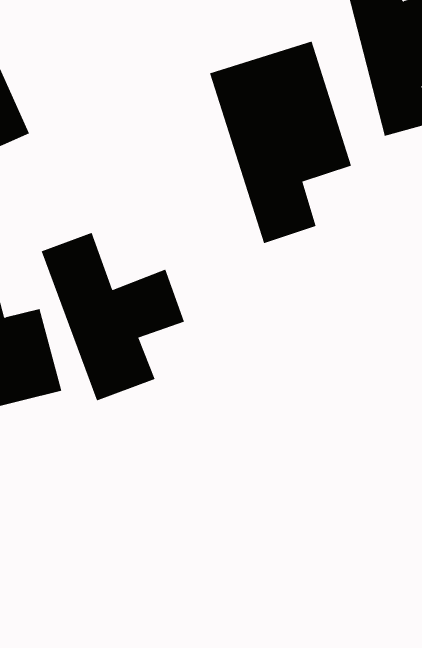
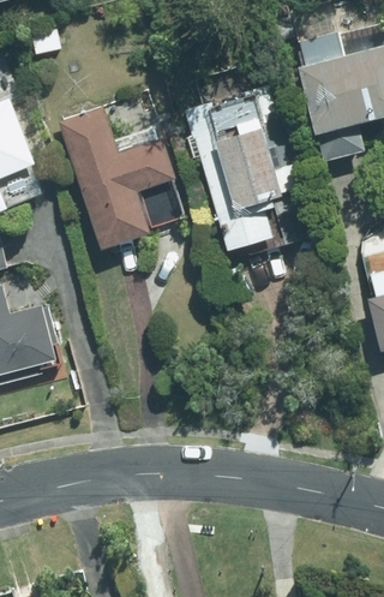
building: [41,232,185,401] -> [56,107,174,245]

